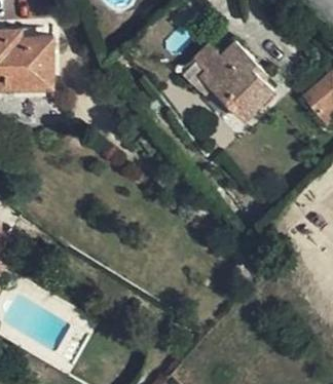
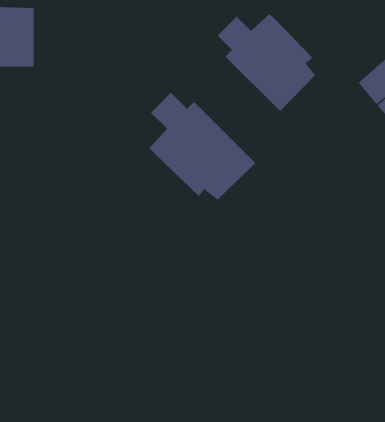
building: none -> [149,92,256,200]

